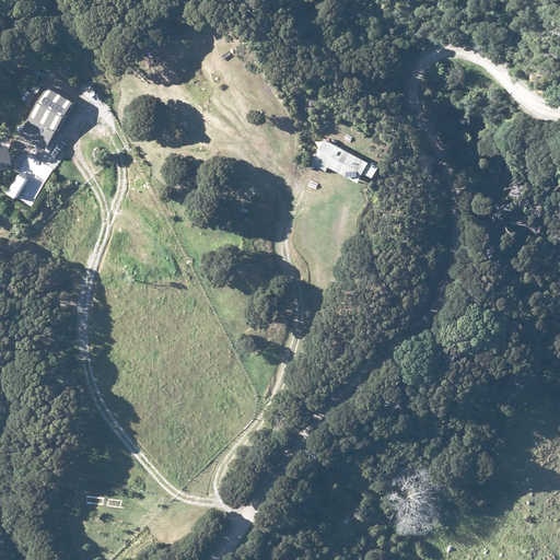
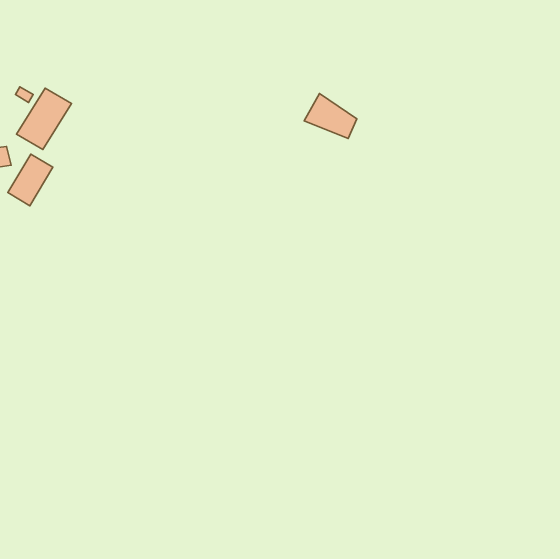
building: [310,137,362,182] -> [304,93,357,139]

